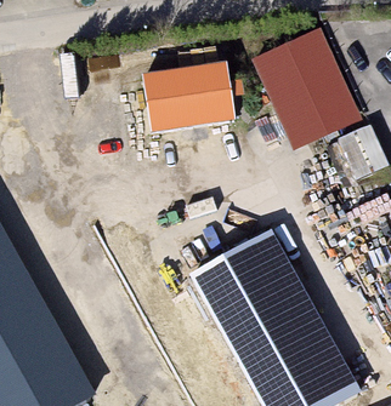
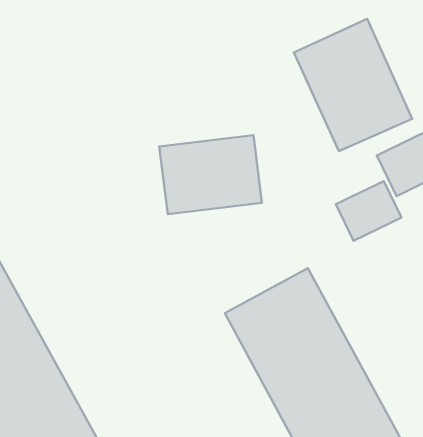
building: [144,61,233,128] -> [159,135,262,214]
building: none -> [336,181,401,241]

